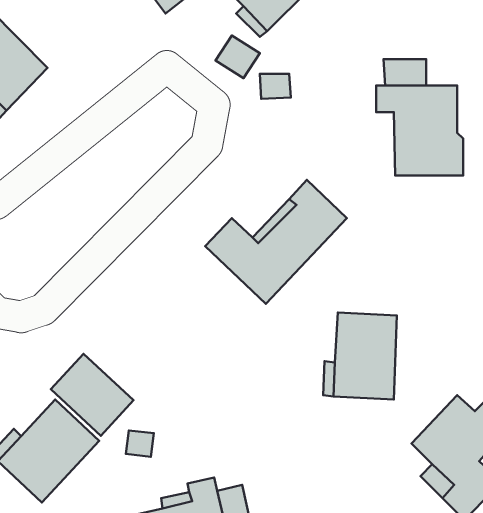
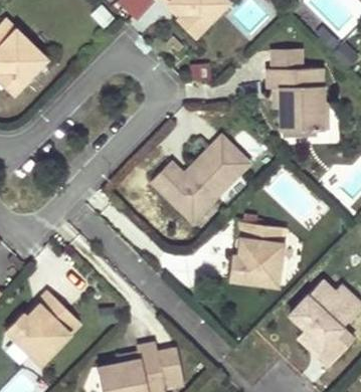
building: [51,354,134,436] -> none

